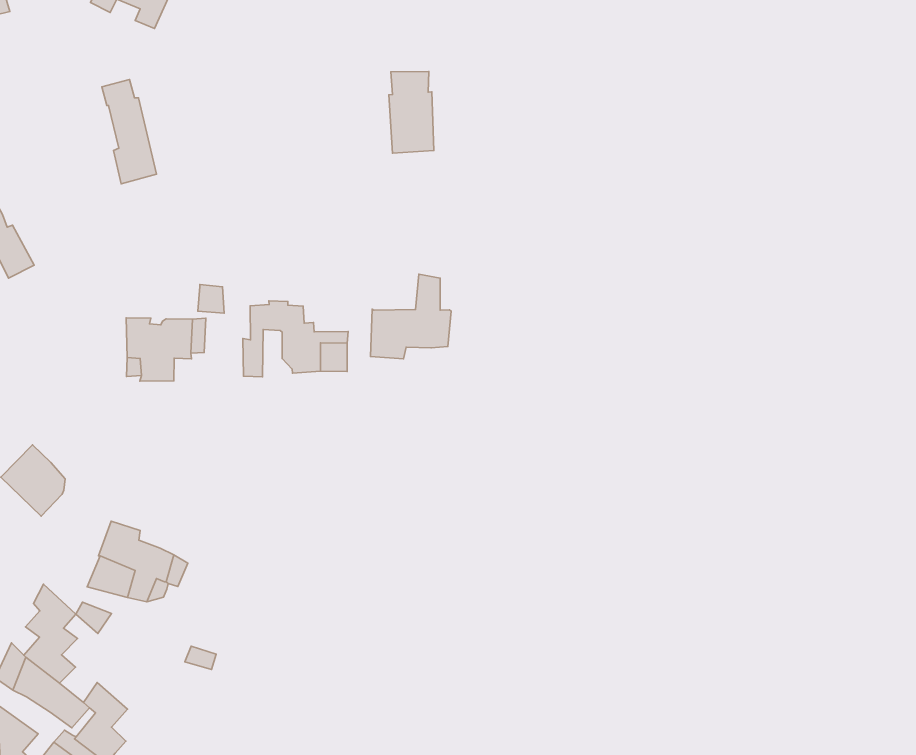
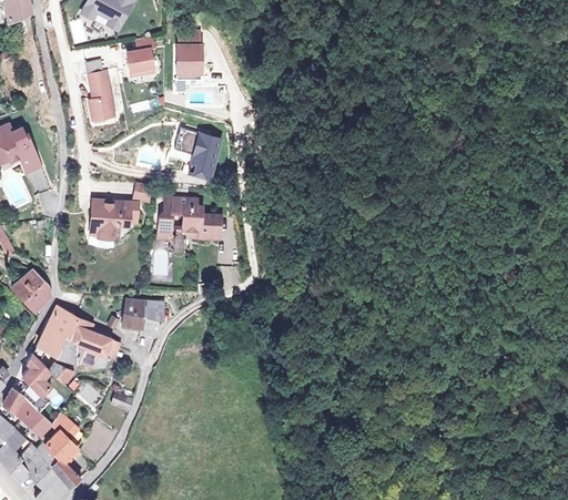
building: none -> [128,35,154,75]
building: [389,71,434,153] -> [176,31,202,79]
building: none -> [174,126,221,177]
building: [371,274,451,359] -> none
building: none -> [123,298,164,335]
building: none -> [36,306,74,356]

